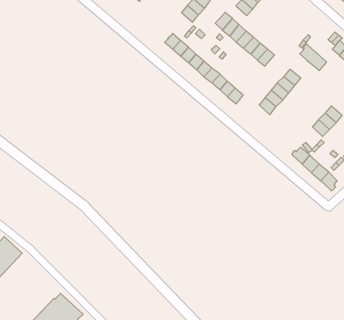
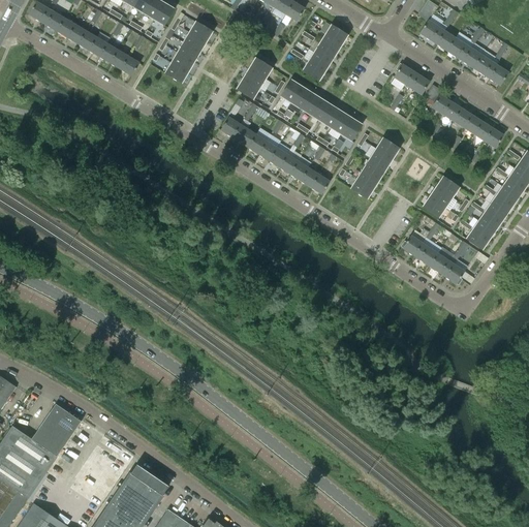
building: [300,44,327,71] -> [394,63,429,94]

